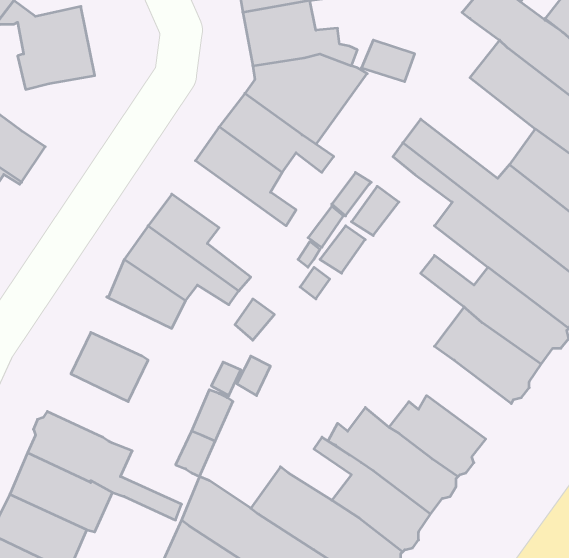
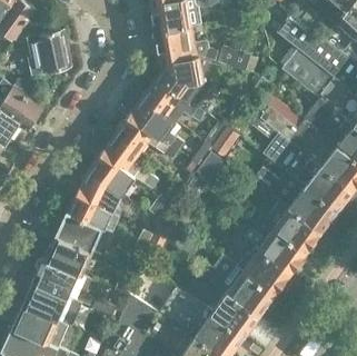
building: none -> [115,116,179,160]
building: none -> [69,192,121,234]
building: none -> [242,228,307,273]
building: none -> [44,236,90,274]

